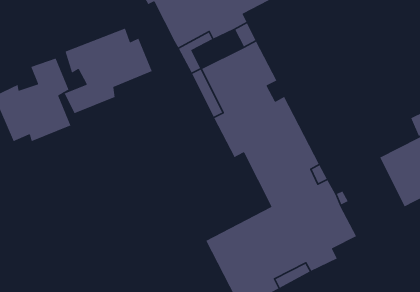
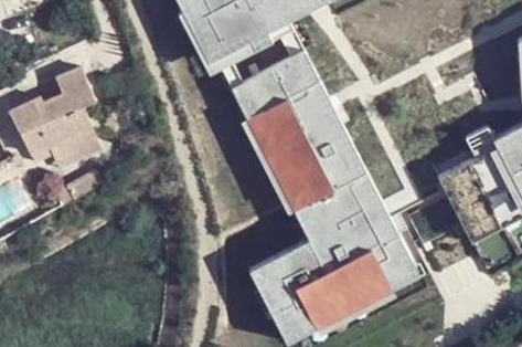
building: [64,28,153,114] -> none

